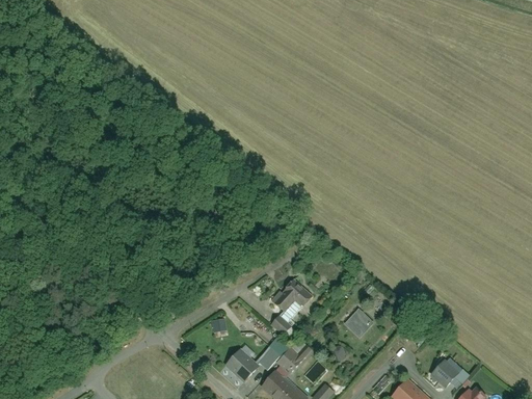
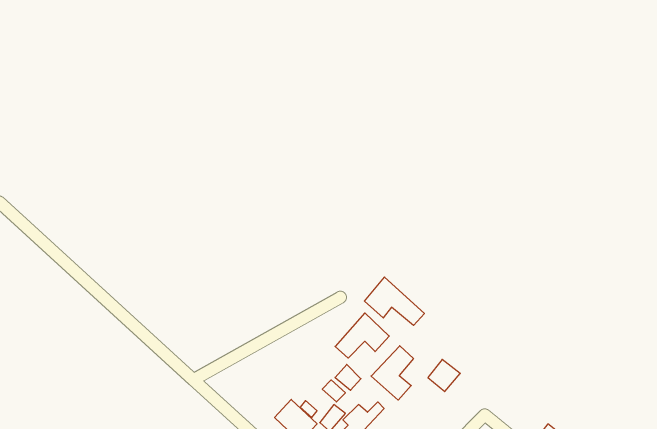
building: none -> [364,277,424,325]
building: none -> [371,346,413,400]

